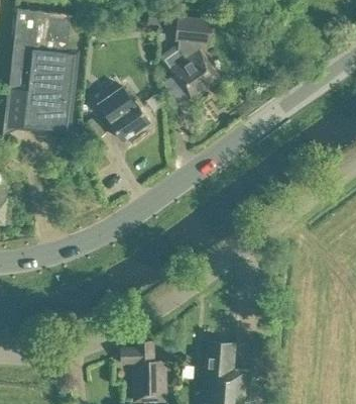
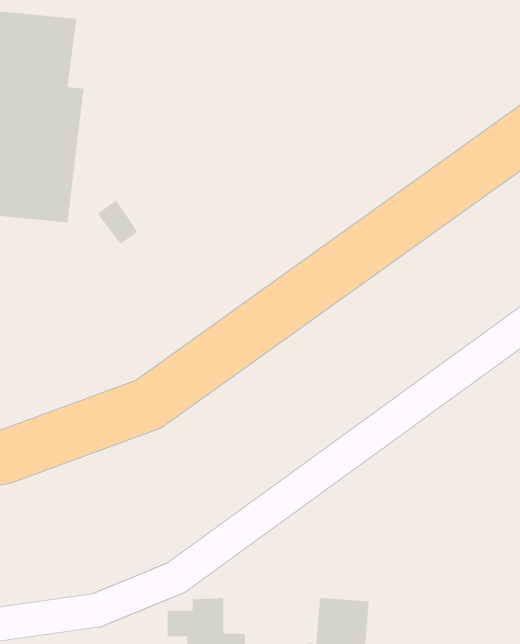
building: [161,17,220,99] -> none
building: [99,87,150,141] -> none

